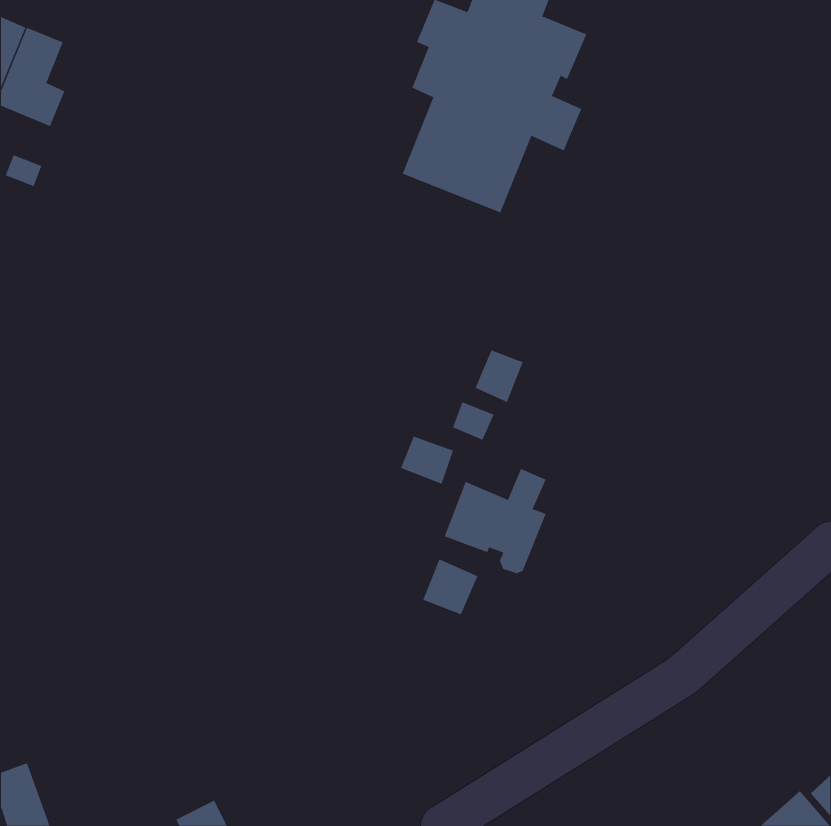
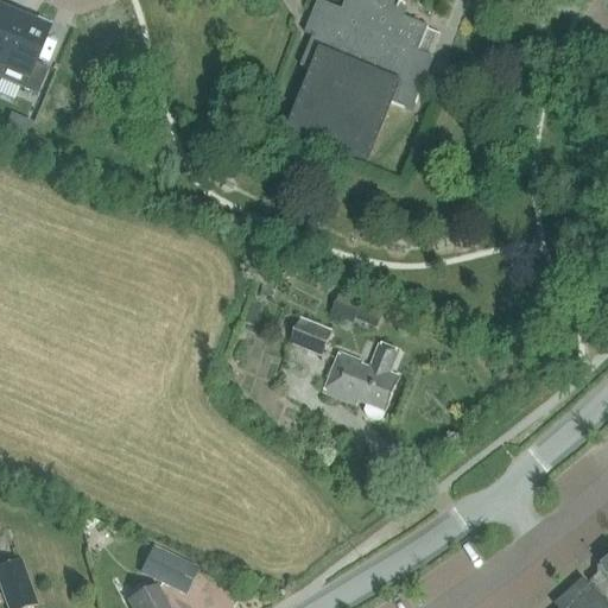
building: [475,349,524,403] -> none
building: [423,559,478,615] -> none
building: none -> [145,545,198,593]

